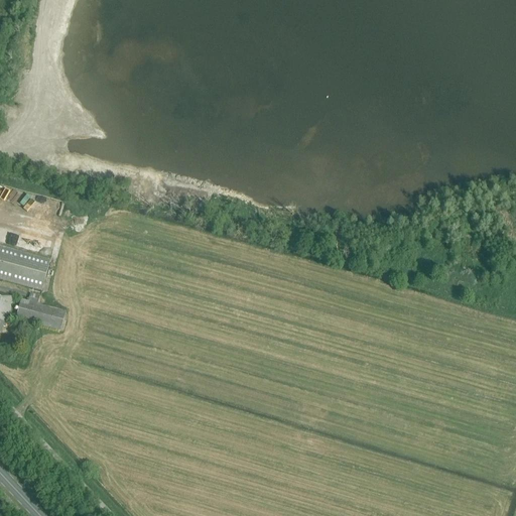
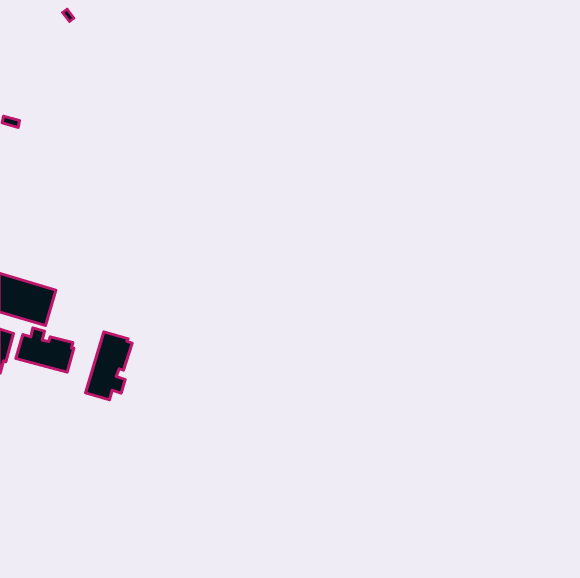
building: none -> [85,332,132,400]

